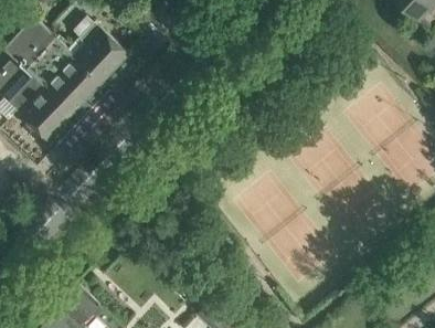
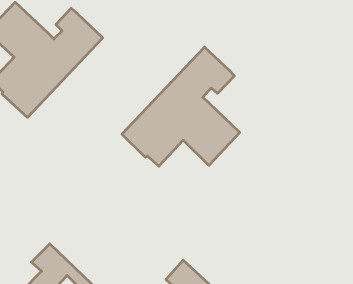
building: none -> [122,47,240,166]

